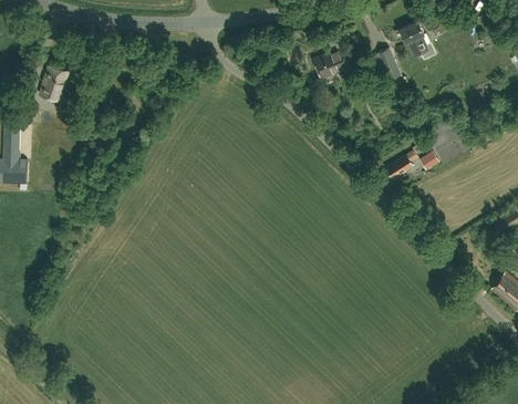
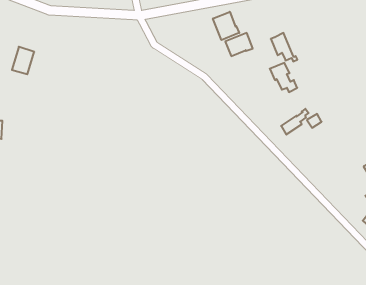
building: none -> [213,12,239,40]
building: [398,21,434,59] -> [270,63,297,92]

